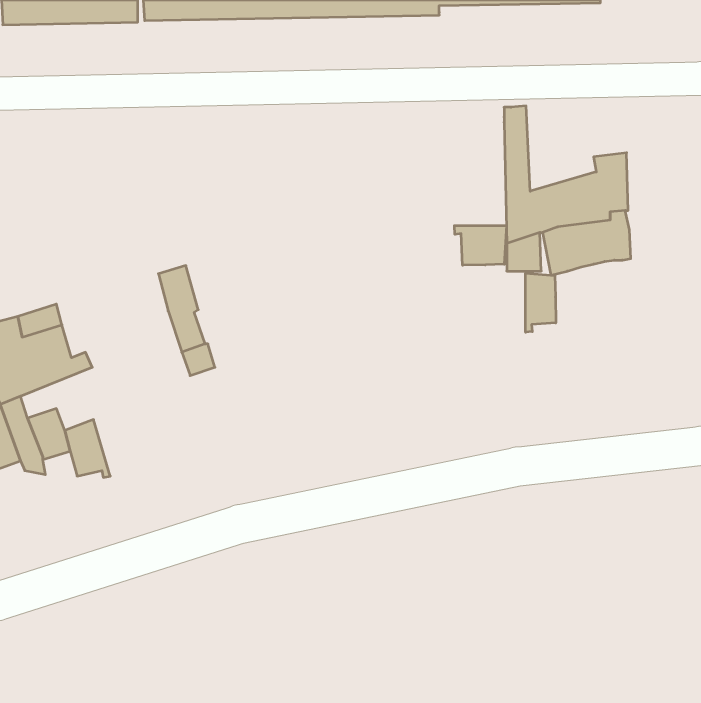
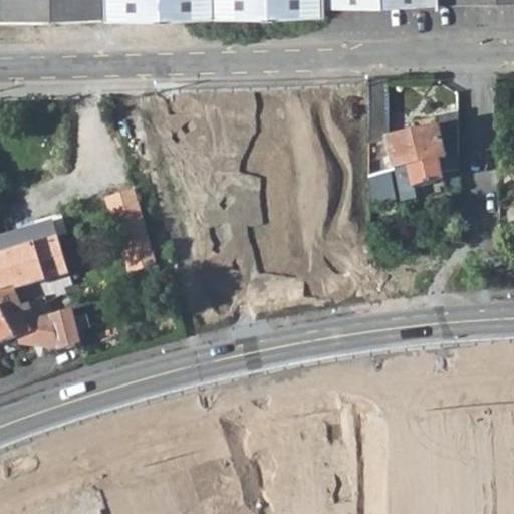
building: [454,226,506,265] -> none
building: [526,273,556,332] -> none

